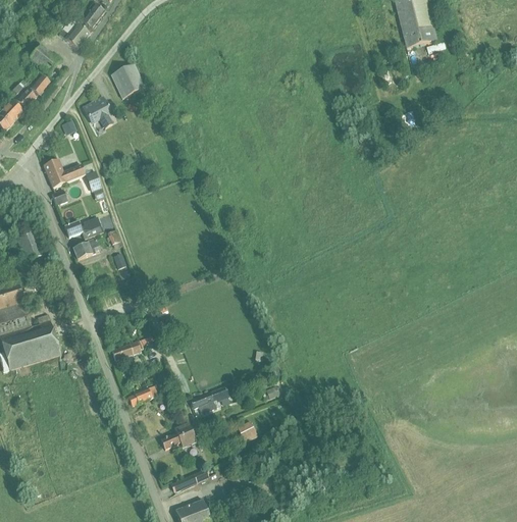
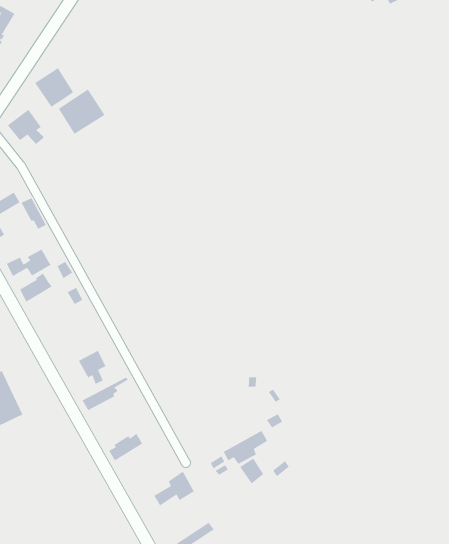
building: none -> [58,88,106,135]
building: none -> [78,350,106,385]
building: [190,386,229,413] -> [223,430,268,465]

